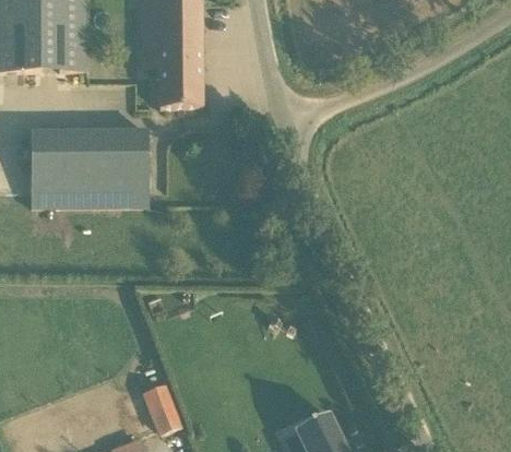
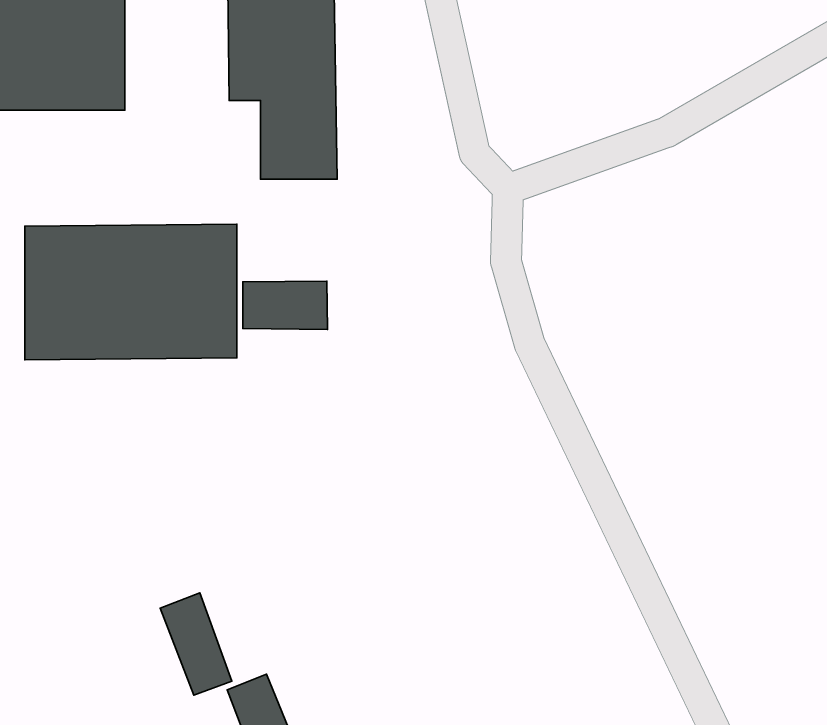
building: none -> [243,281,328,330]
building: none -> [160,593,232,695]

